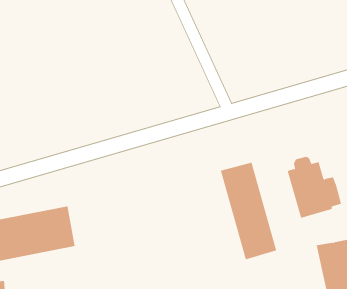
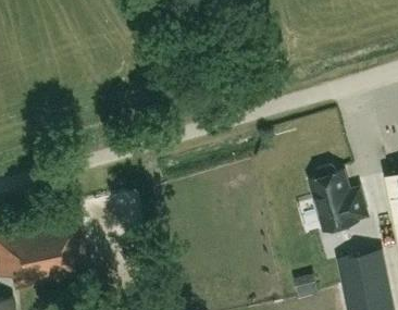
building: [220,162,277,260] -> none

